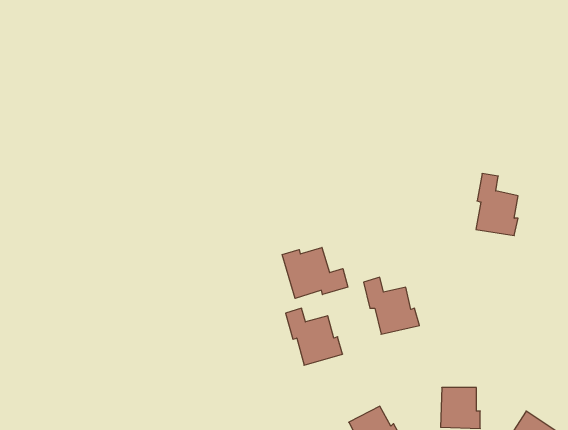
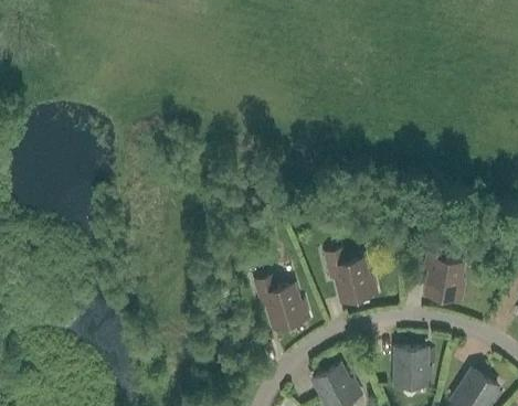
building: [476,174,518,236] -> [426,245,464,300]
building: [282,247,348,298] -> none

